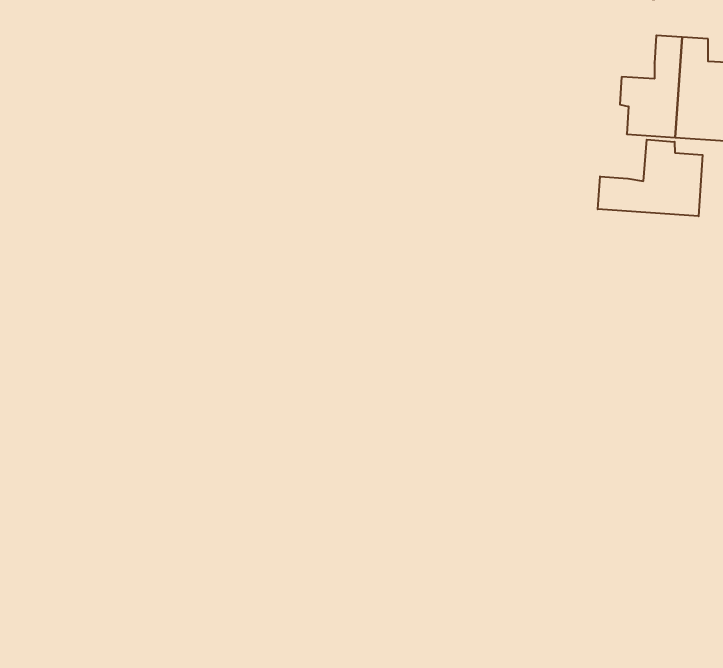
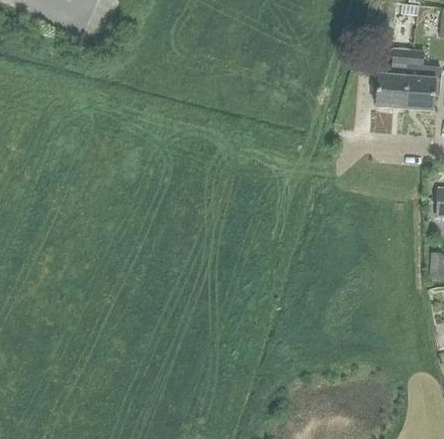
building: [598,140,703,216] -> none

